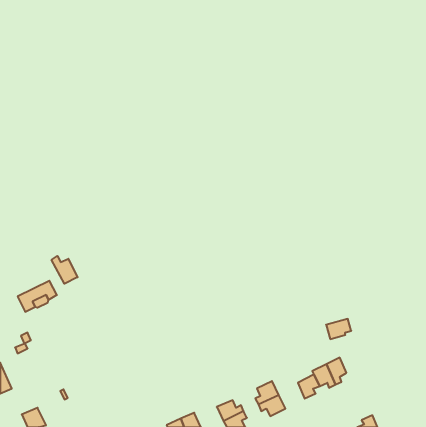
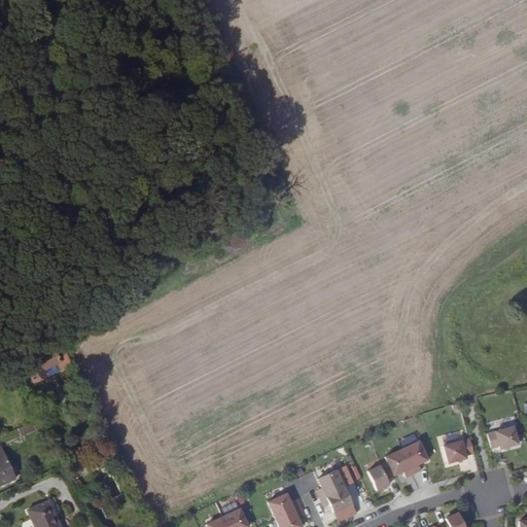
building: [52,256,78,284] -> none
building: [326,319,351,339] -> [444,438,475,463]
building: none -> [488,426,520,449]

